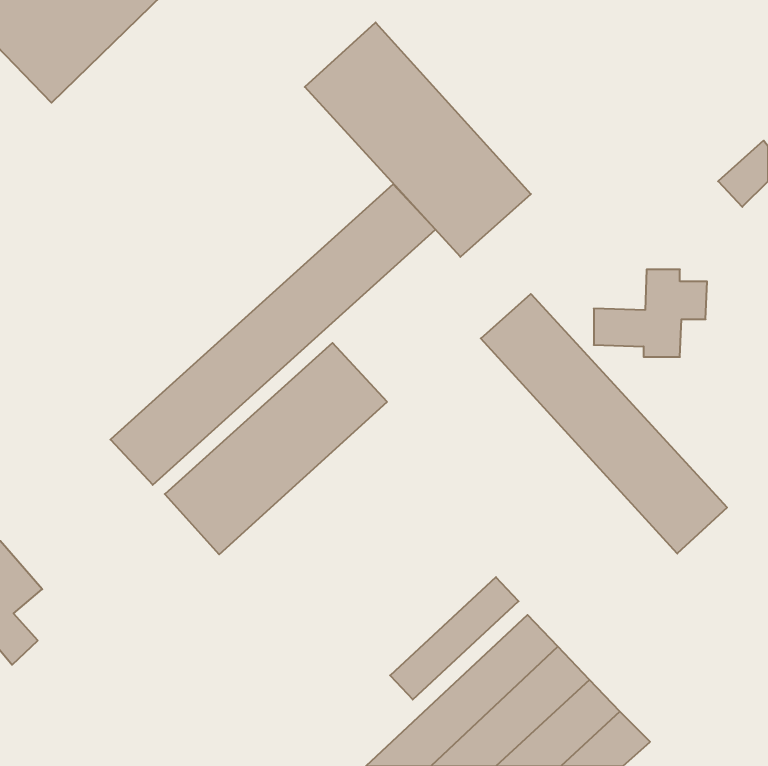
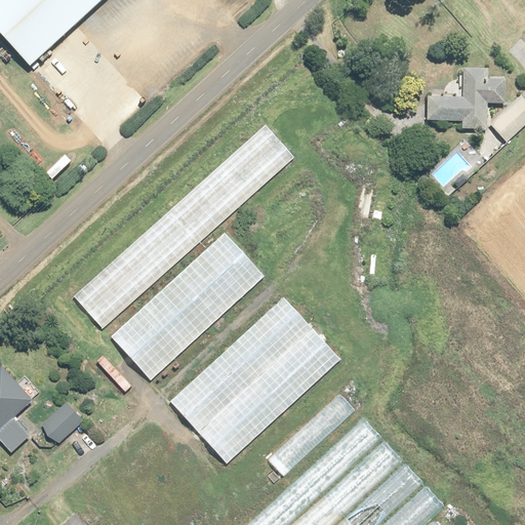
building: [305,22,531,257] -> none
building: [594,269,707,357] -> [426,68,502,127]
building: [481,294,727,554] -> none
building: none -> [172,296,347,466]
building: none -> [38,401,80,443]

